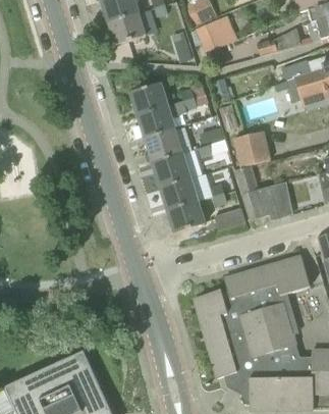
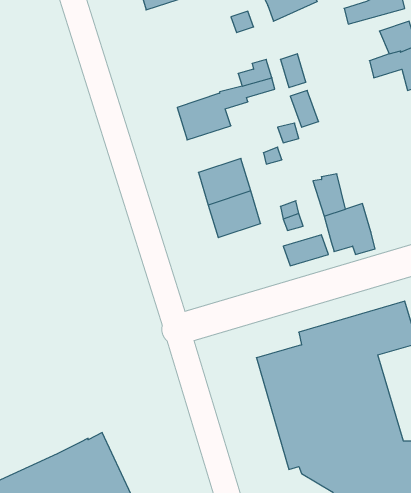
building: [130,83,168,116] -> none
building: [145,130,183,163] -> none
building: [234,132,273,166] -> none
building: [167,200,205,234] -> none

